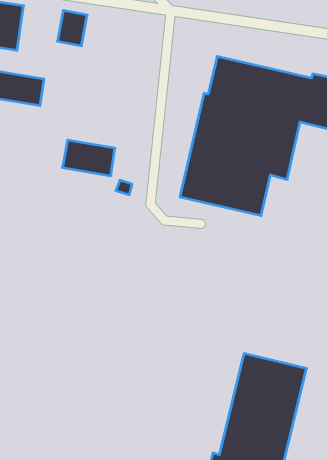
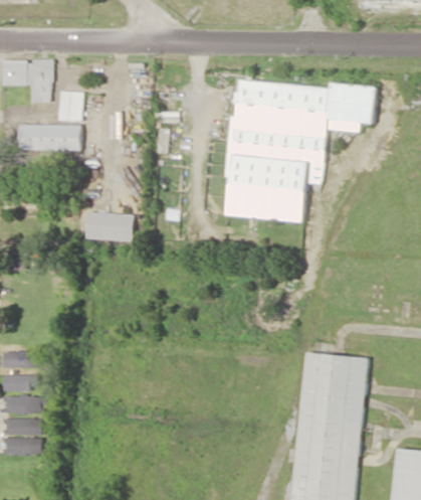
building: [57,11,87,46] -> [58,91,82,121]
building: [62,140,115,176] -> [86,212,133,239]

